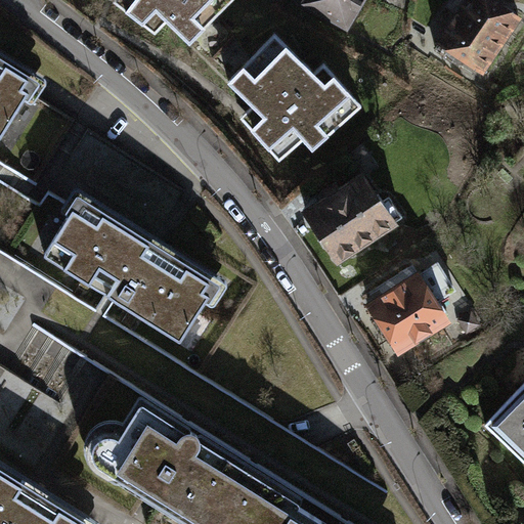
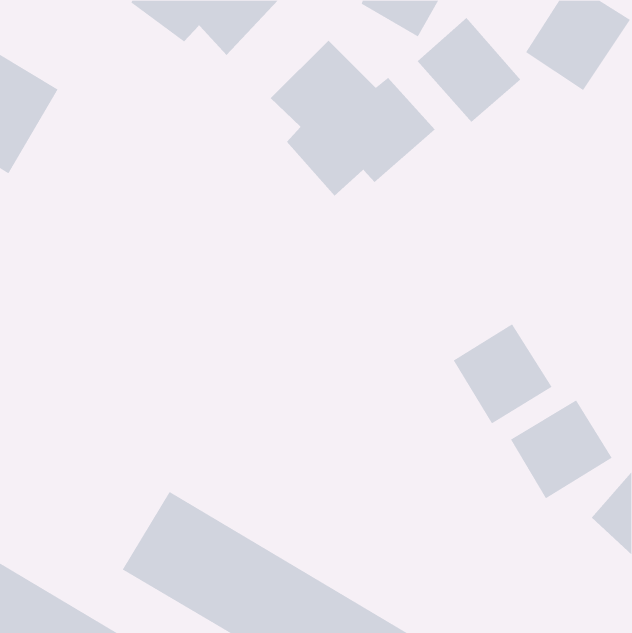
building: none -> [417,17,521,123]
building: [312,174,401,257] -> none
building: [41,191,230,348] -> none
building: none -> [510,399,612,499]

